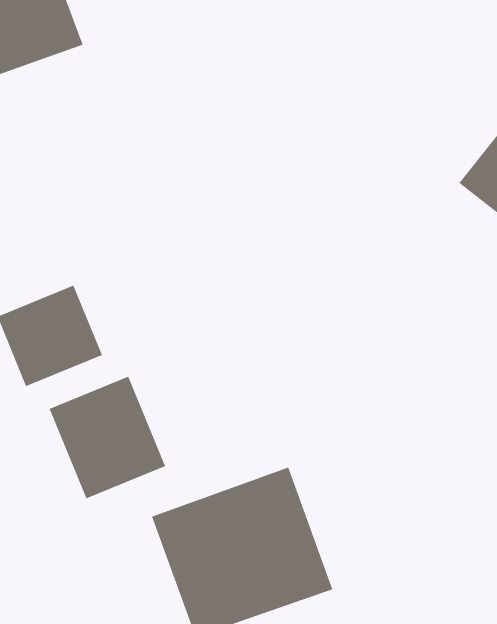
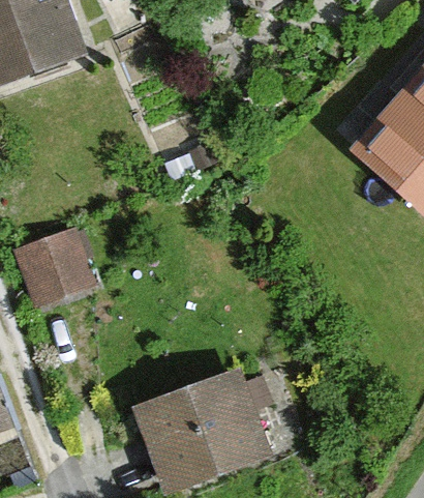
building: [49,376,166,499] -> none

